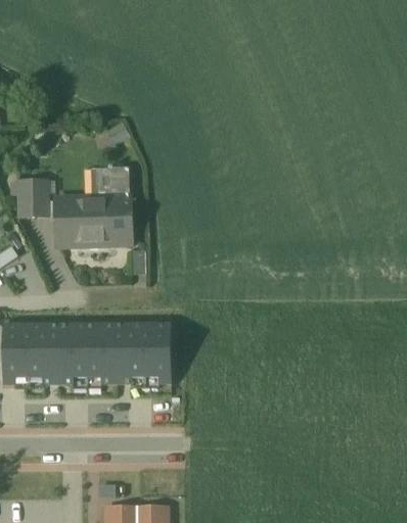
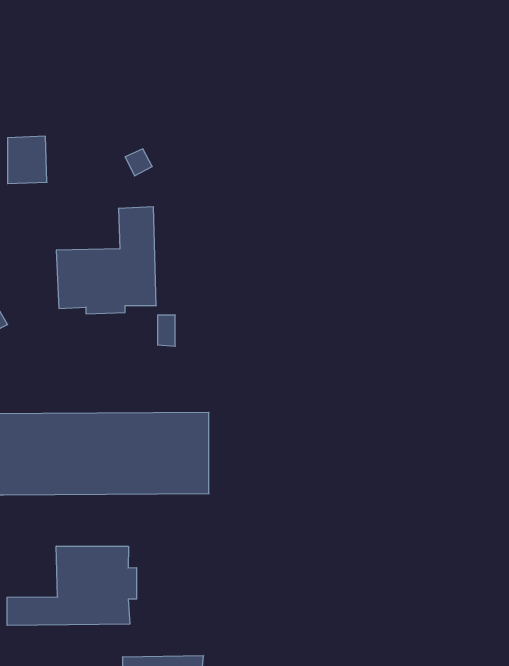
building: [18,180,48,216] -> [8,136,47,184]
building: none -> [7,546,137,625]

